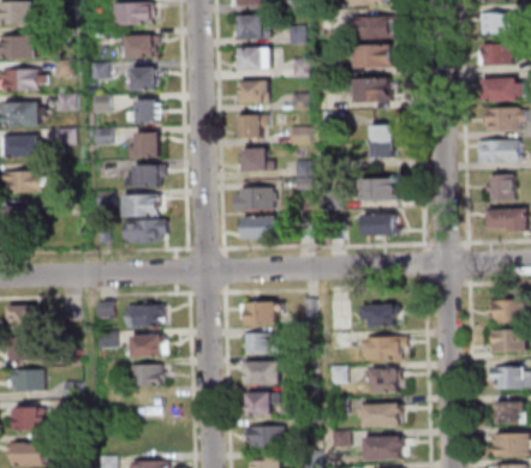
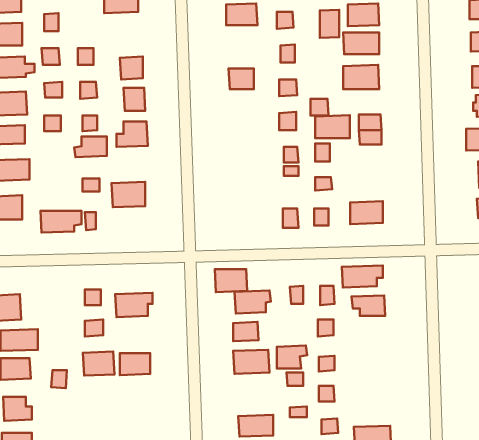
building: none -> [320,10,339,38]
building: [120,35,154,56] -> none
building: [238,48,269,71] -> none
building: [238,113,264,137] -> none
building: [239,149,272,170] -> none
building: [126,166,159,186] -> [74,136,107,157]
building: [359,178,394,200] -> [315,115,350,138]
building: [234,187,273,209] -> none
building: [241,216,274,239] -> [215,269,247,292]
building: [125,220,166,241] -> [40,211,81,233]
building: [131,335,162,359] -> [83,352,114,376]
building: [365,336,406,358] -> [342,266,383,287]
building: [364,368,398,394] -> none
building: [247,392,278,415] -> [277,346,307,369]
building: [360,402,400,427] -> none

